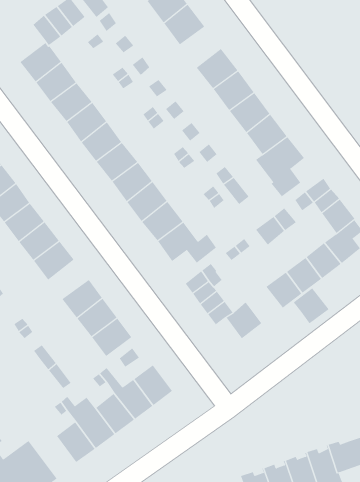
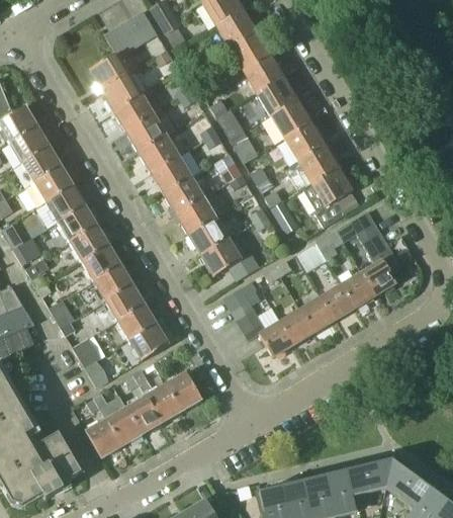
building: none -> [243,54,282,92]
building: none -> [93,263,132,299]
building: [293,288,330,324] -> [280,309,314,343]

